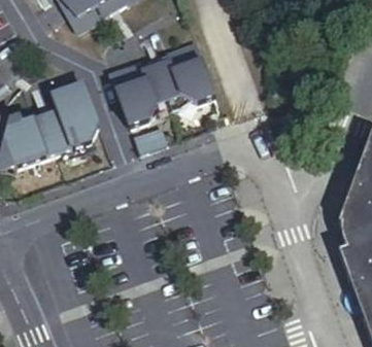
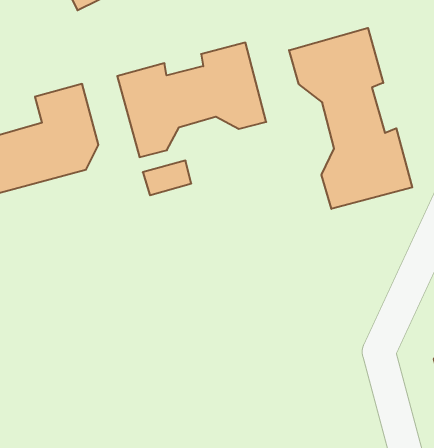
building: none -> [289,28,412,209]

